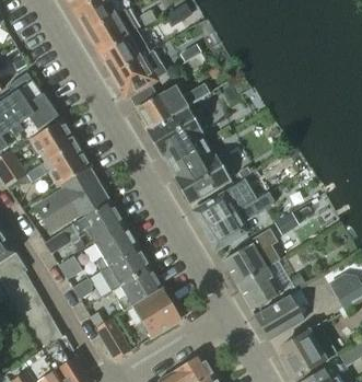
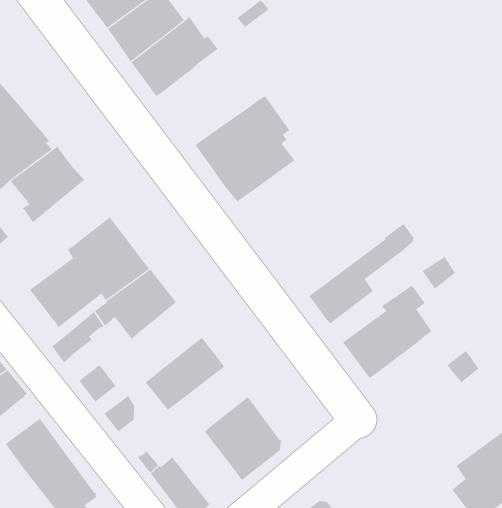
building: [130,82,211,127] -> none
building: [27,142,90,186] -> none
building: [168,144,233,202] -> none
building: [195,181,256,229] -> none
building: [94,223,138,270] -> none
building: [114,266,162,311] -> none
building: [237,266,282,309] -> none
building: [255,294,304,338] -> none

